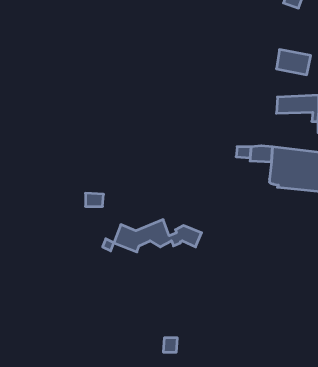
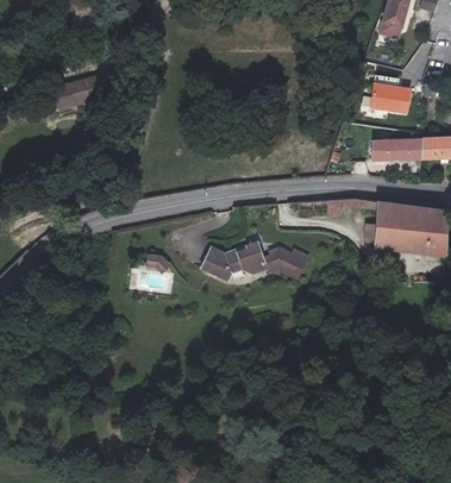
building: none -> [52,76,104,109]
building: [114,220,202,252] -> [207,238,311,276]

